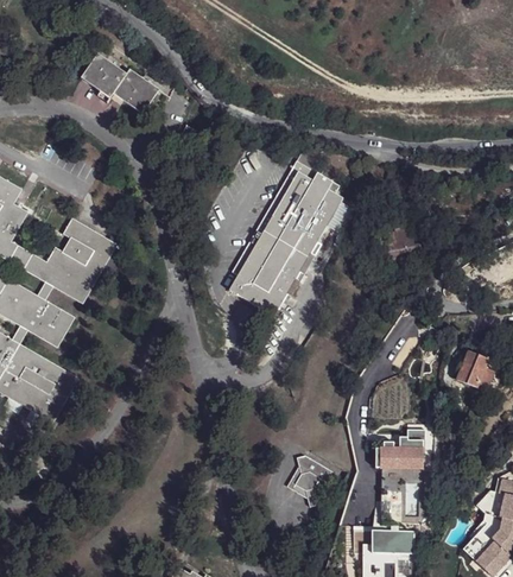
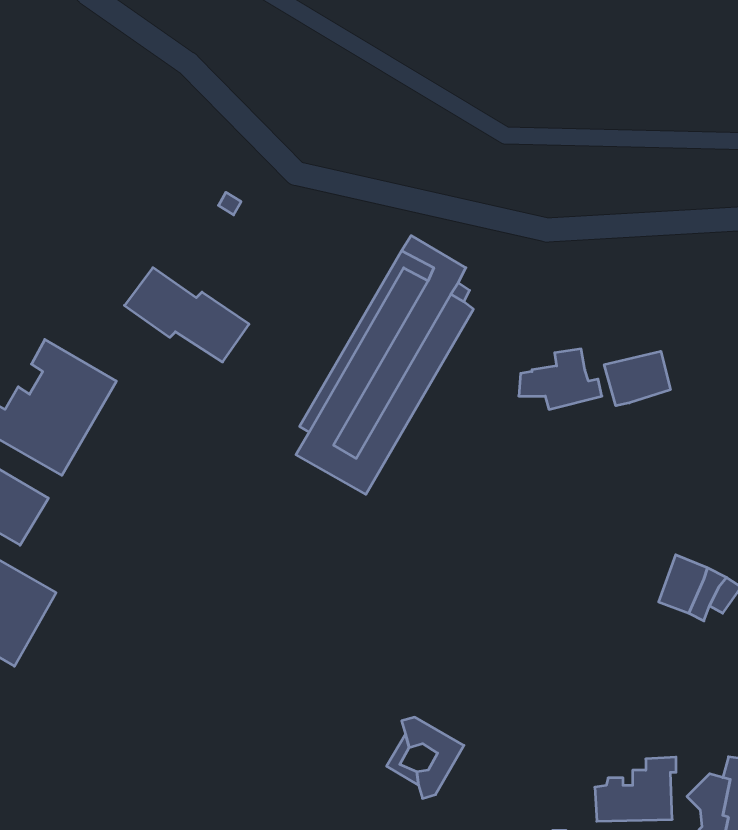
building: [81,53,159,113] -> [124,268,249,362]
building: none -> [604,351,670,406]
building: [374,431,425,471] -> [595,757,676,821]

